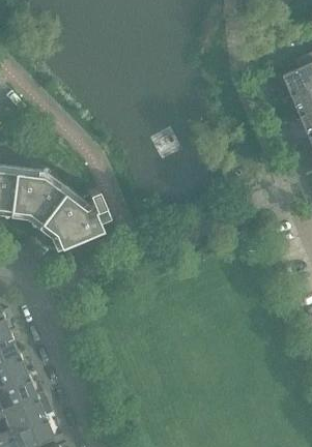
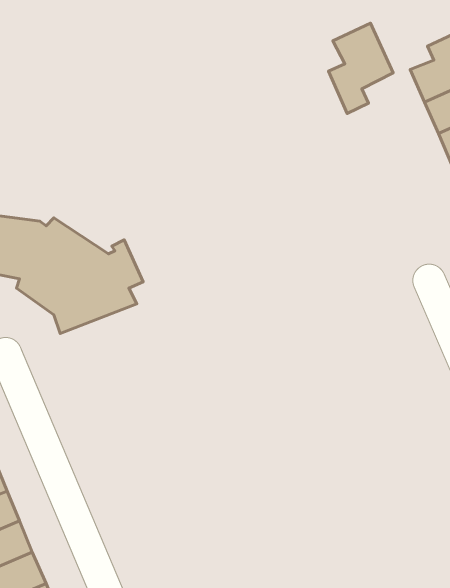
building: none -> [329,23,393,114]

